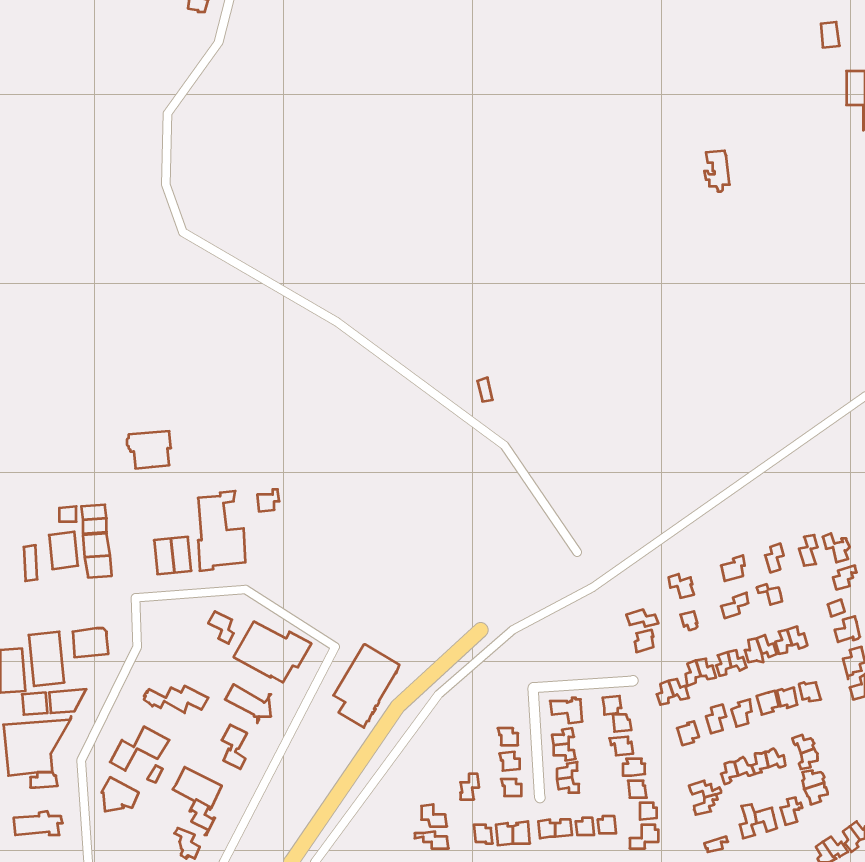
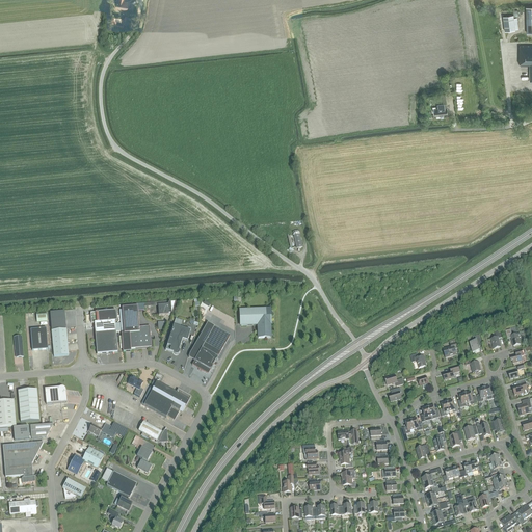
building: [127,431,171,468] -> [89,309,116,331]
building: none -> [240,308,270,336]
building: none -> [165,324,190,353]
building: [333,645,399,728] -> [189,321,230,372]

